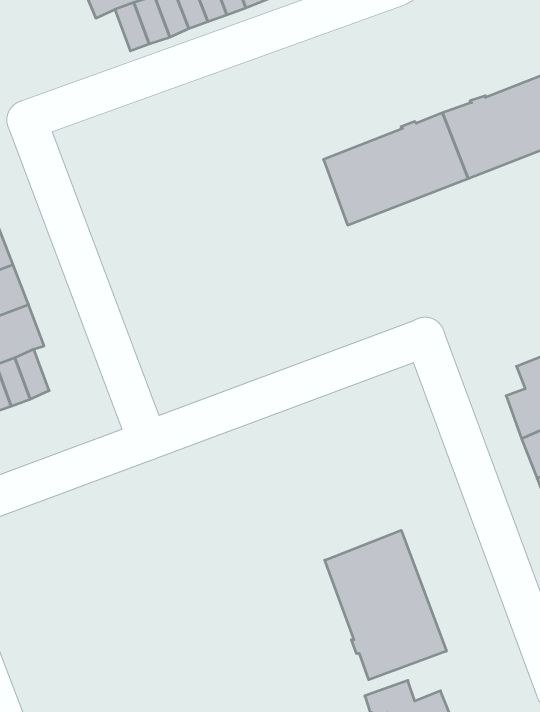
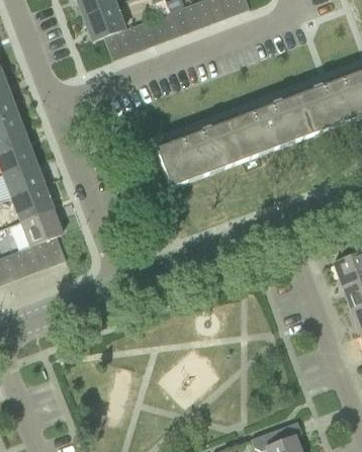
building: none -> [156,123,241,188]
building: [325,530,446,680] -> none

